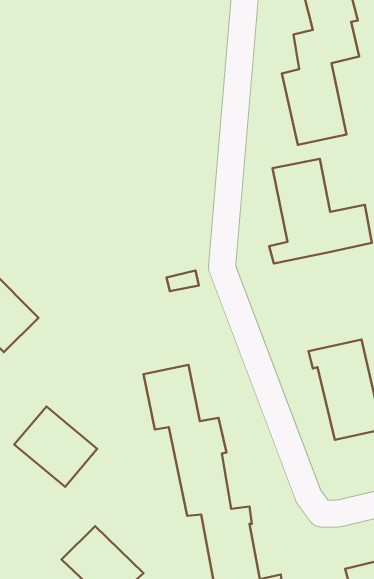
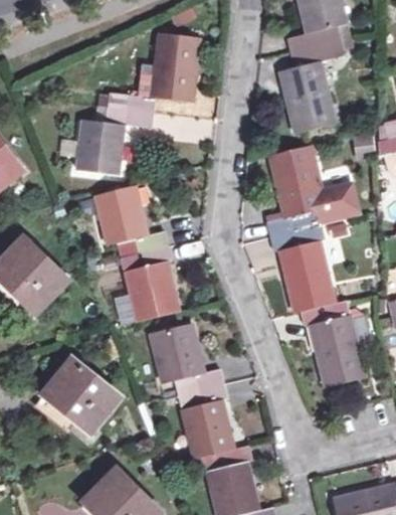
building: none -> [74,28,199,171]
building: none -> [95,181,180,320]
building: none -> [270,225,338,313]

